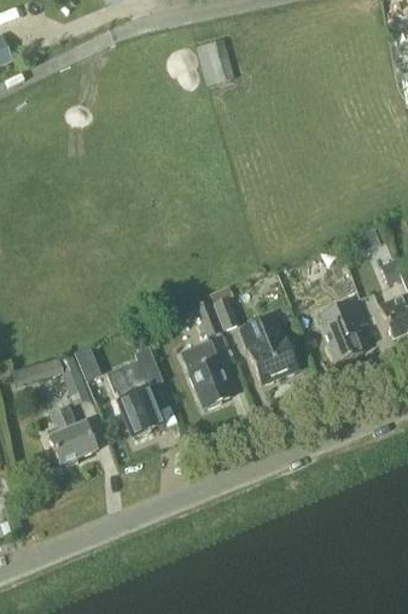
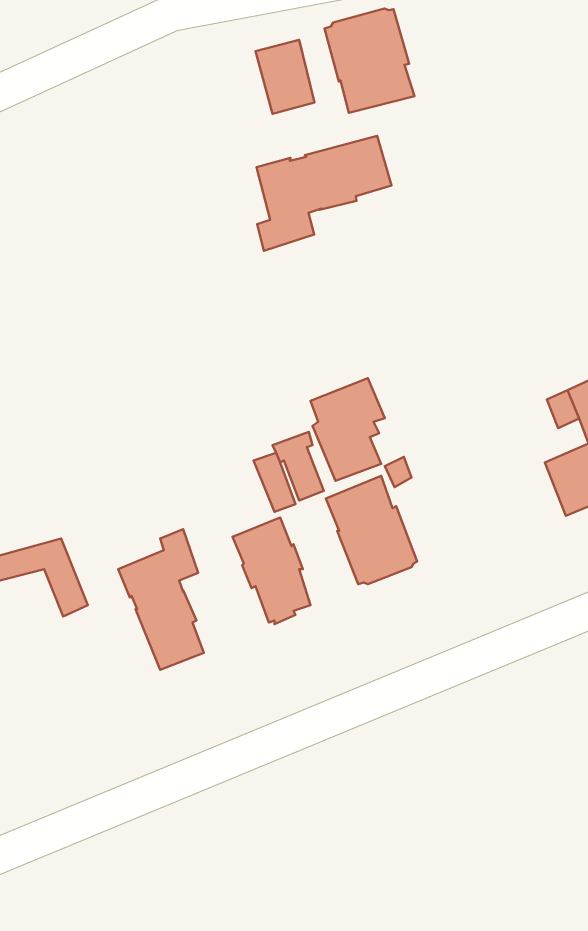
building: none -> [324,9,414,113]
building: none -> [257,136,391,251]
building: [319,296,366,361] -> [311,378,385,481]
building: [47,405,97,464] -> none

